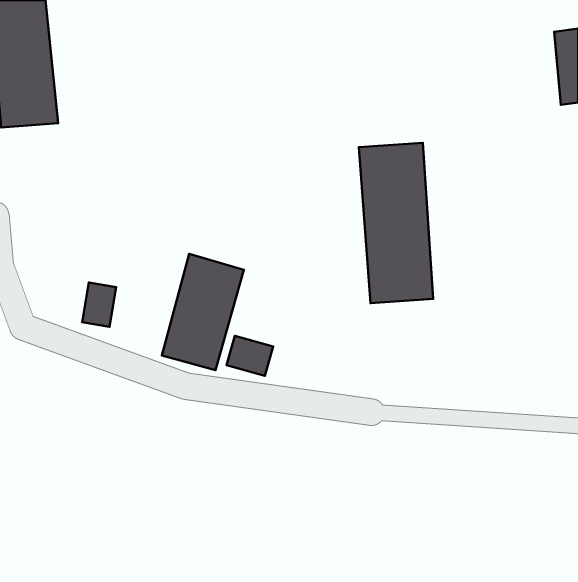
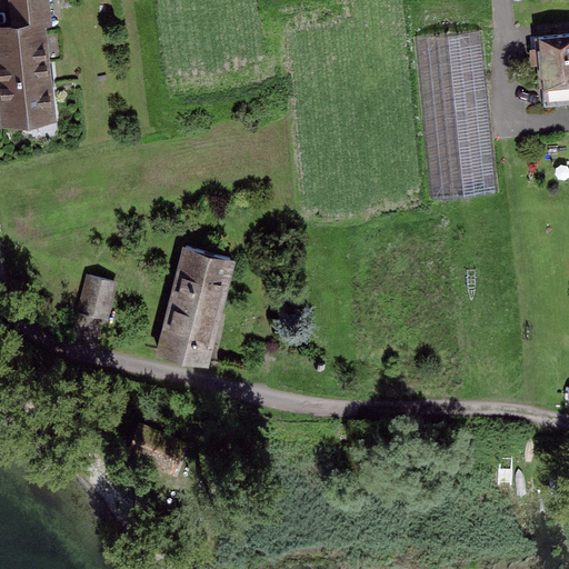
building: [359,143,433,303] -> [416,33,488,190]
building: [227,336,273,376] -> none

